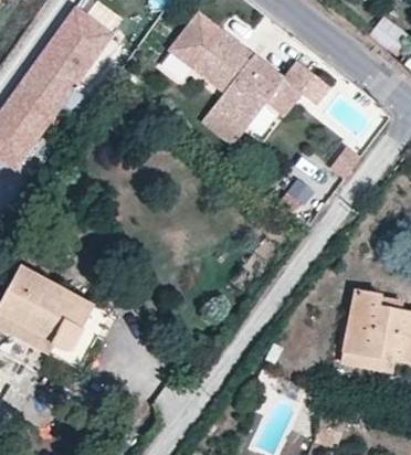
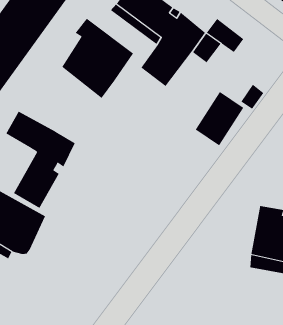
building: none -> [62,18,134,99]
building: none -> [6,111,76,209]

